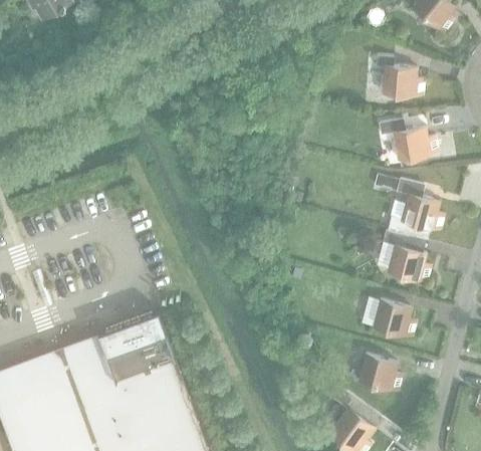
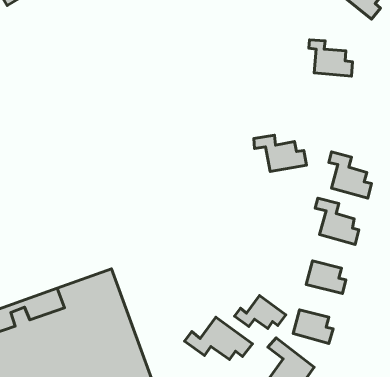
building: [379,123,437,163] -> [254,135,306,171]
building: none -> [234,296,286,328]
building: none -> [184,317,252,360]

